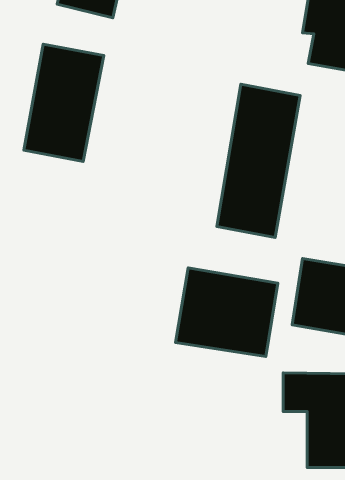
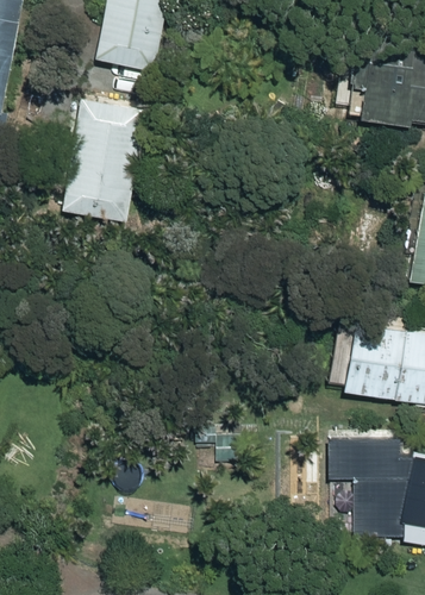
building: [217,84,300,238] -> none
building: [176,268,278,357] -> none

